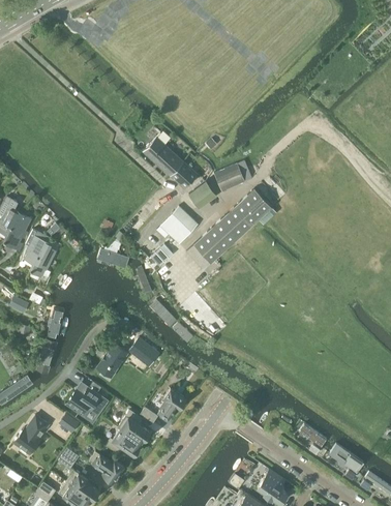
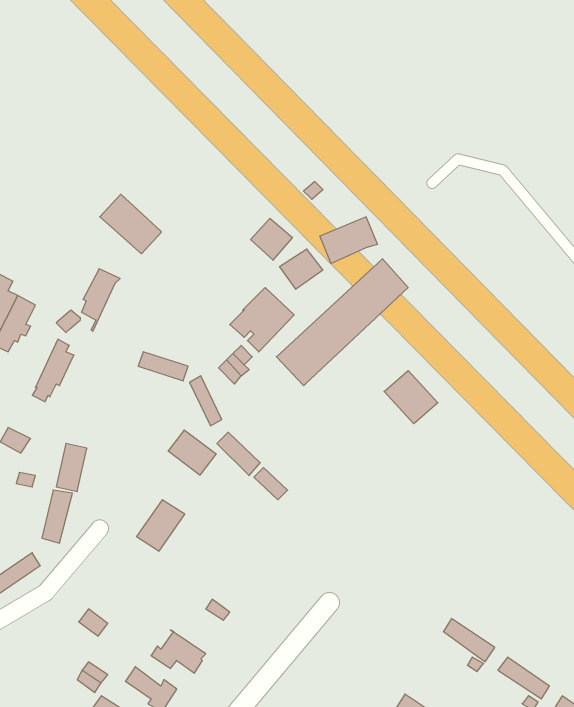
building: [143,138,182,176] -> [100,194,161,254]
building: [24,231,49,271] -> [81,269,120,331]
building: none -> [384,371,438,424]
building: [128,337,159,366] -> [168,430,216,475]
building: [64,382,107,418] -> none
building: [158,388,185,419] -> none
building: [118,410,149,443] -> none
building: [13,415,48,453] -> none

